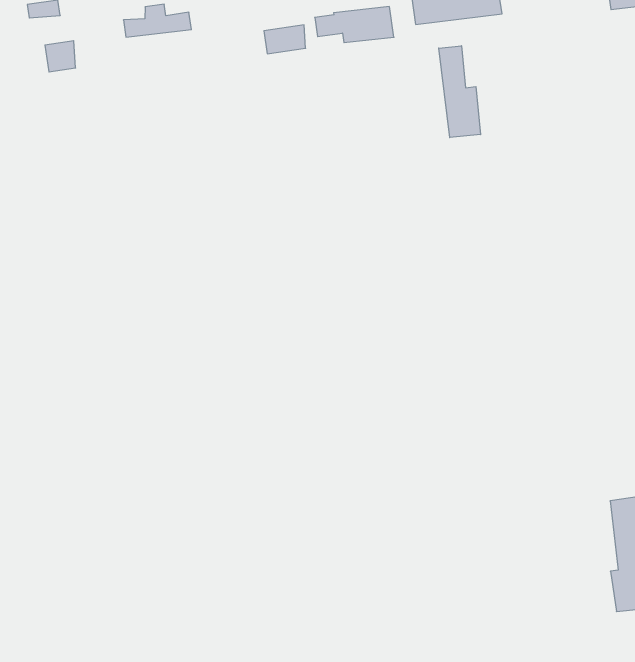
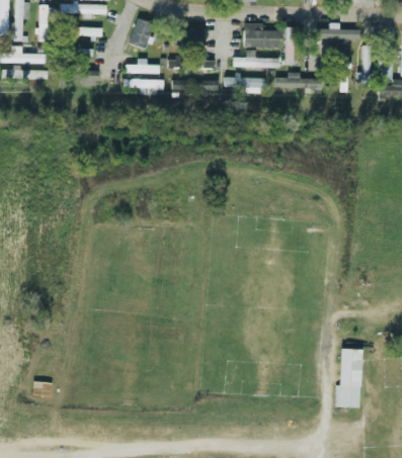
building: none -> [125,79,164,93]
building: [439,46,481,138] -> none

